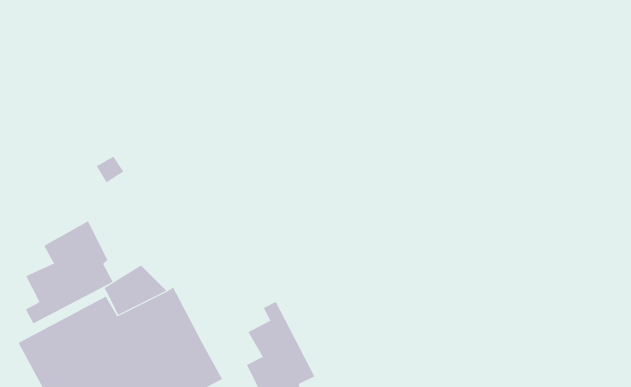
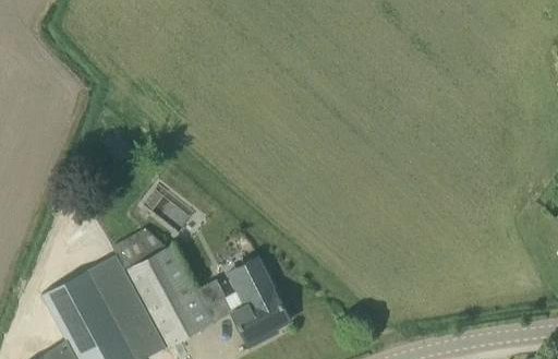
building: [25,220,113,324] -> none
building: none -> [194,282,231,324]

